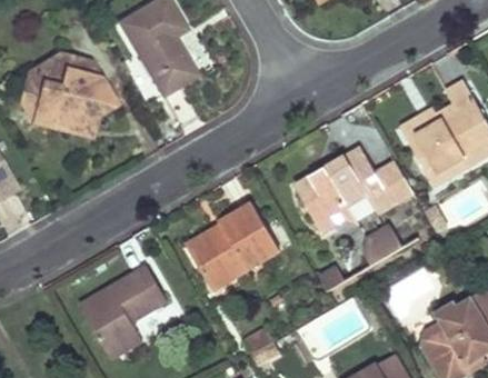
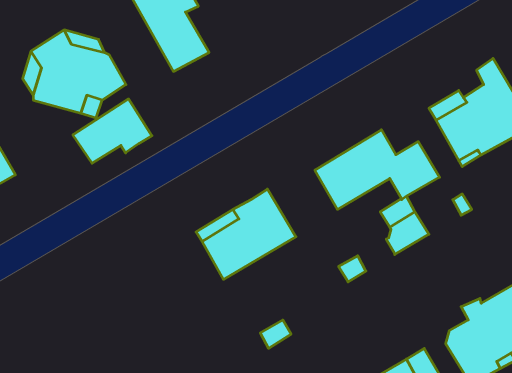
building: none -> [73,99,152,163]
building: [79,263,166,356] -> none

